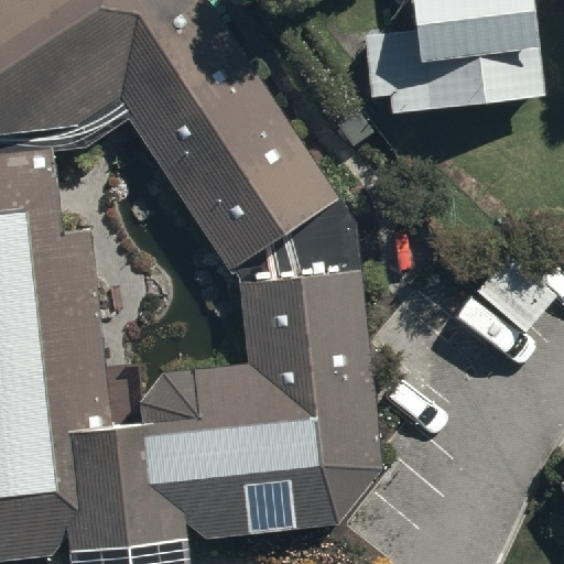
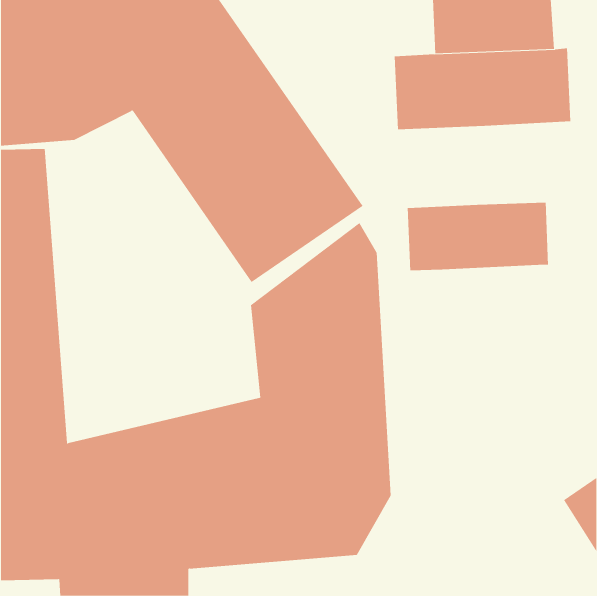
building: none -> [407,202,549,271]

